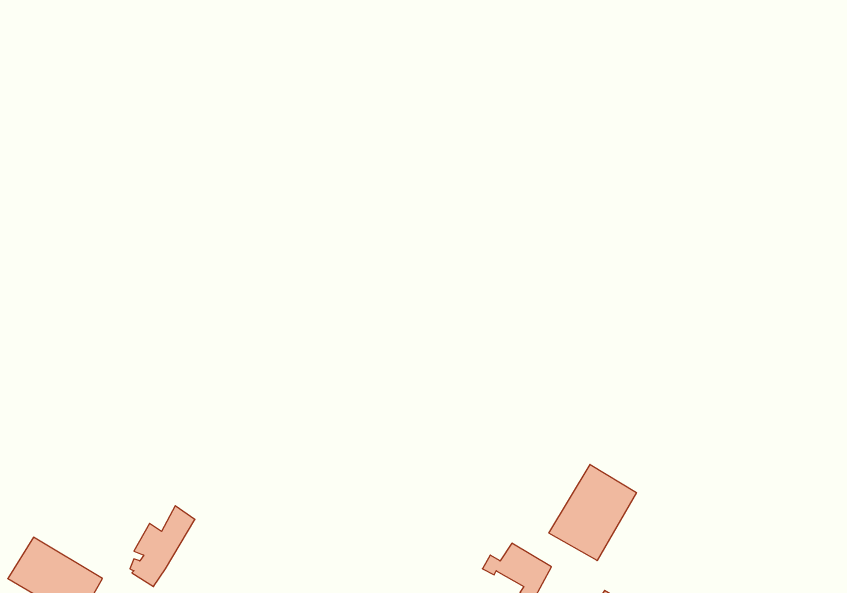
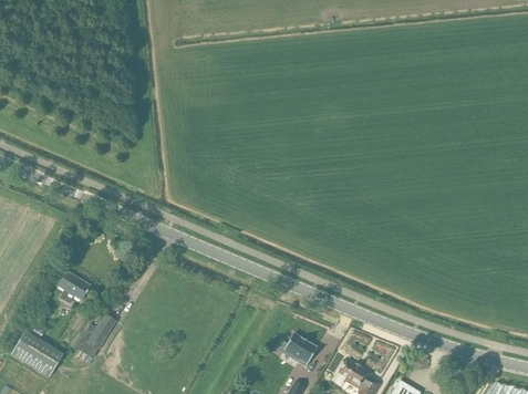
building: none -> [58,270,90,302]
building: [549,464,636,561] -> none

